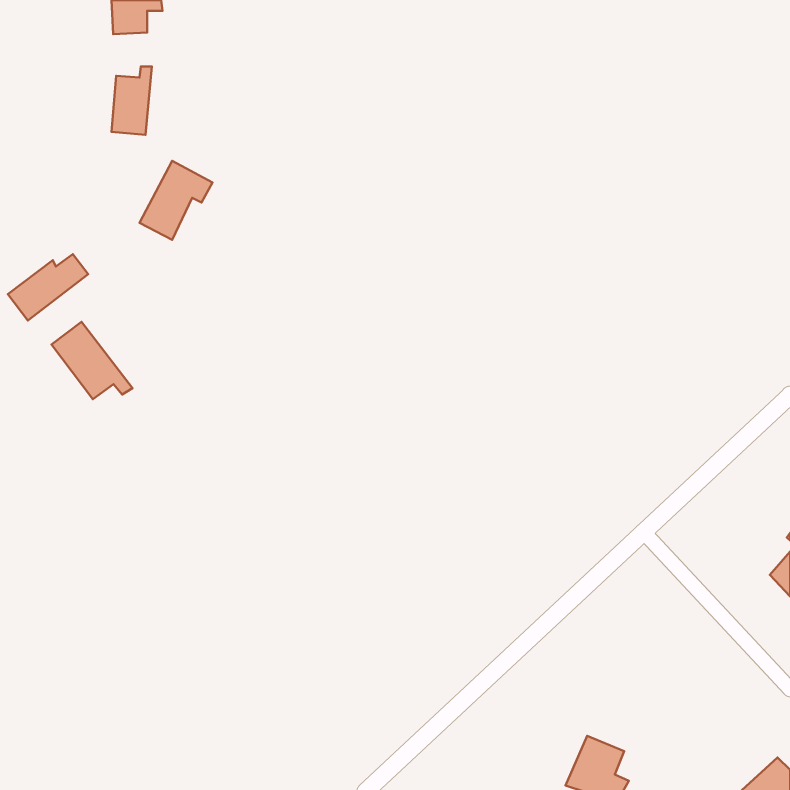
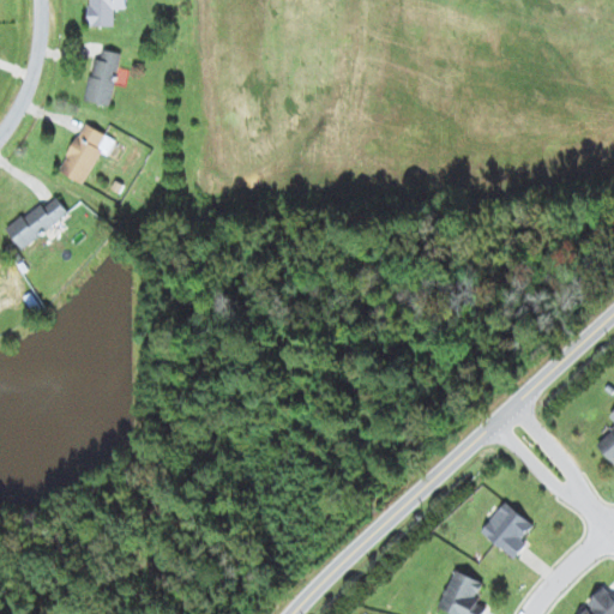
building: [140,161,212,240] -> [59,124,115,185]
building: [52,322,132,399] -> none
building: none -> [481,502,532,560]

